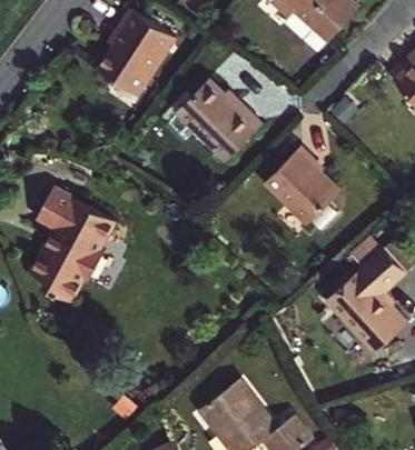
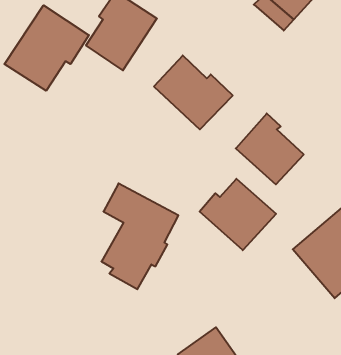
building: none -> [4,5,89,91]
building: [31,189,117,307] -> [101,183,178,289]
building: none -> [200,179,276,250]

